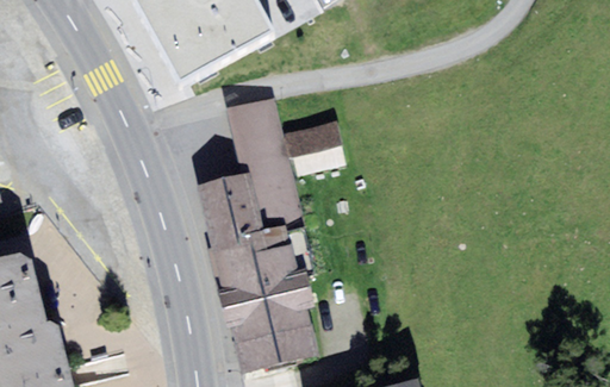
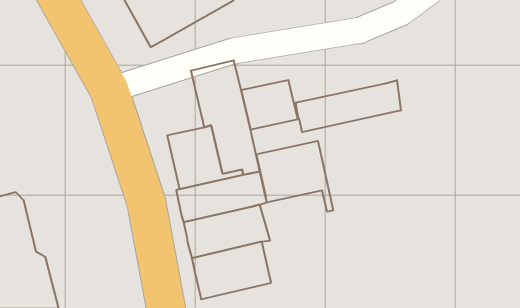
building: none -> [296,80,401,132]
building: none -> [257,141,333,212]

